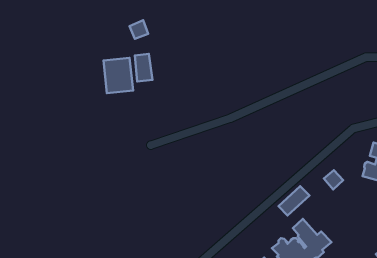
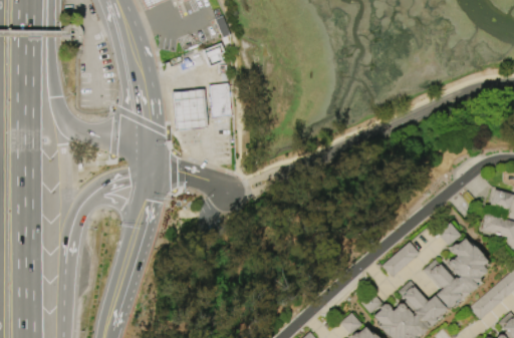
building: none -> [424,239,486,307]

